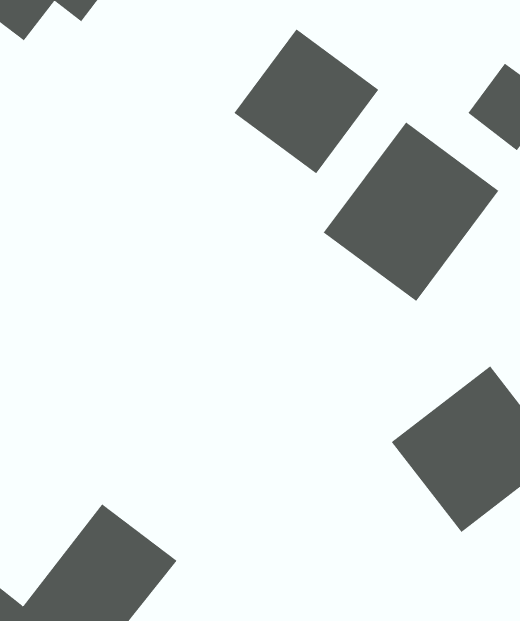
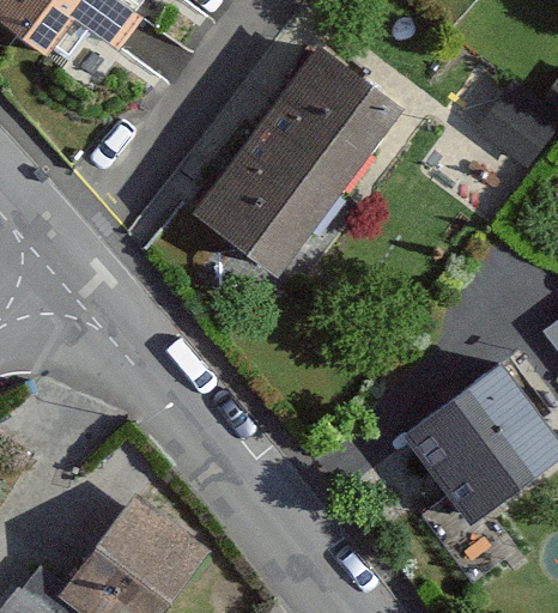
building: none -> [198,128,338,269]
building: [323,121,499,302] -> none

